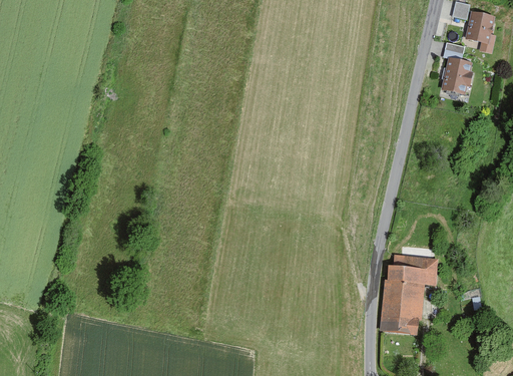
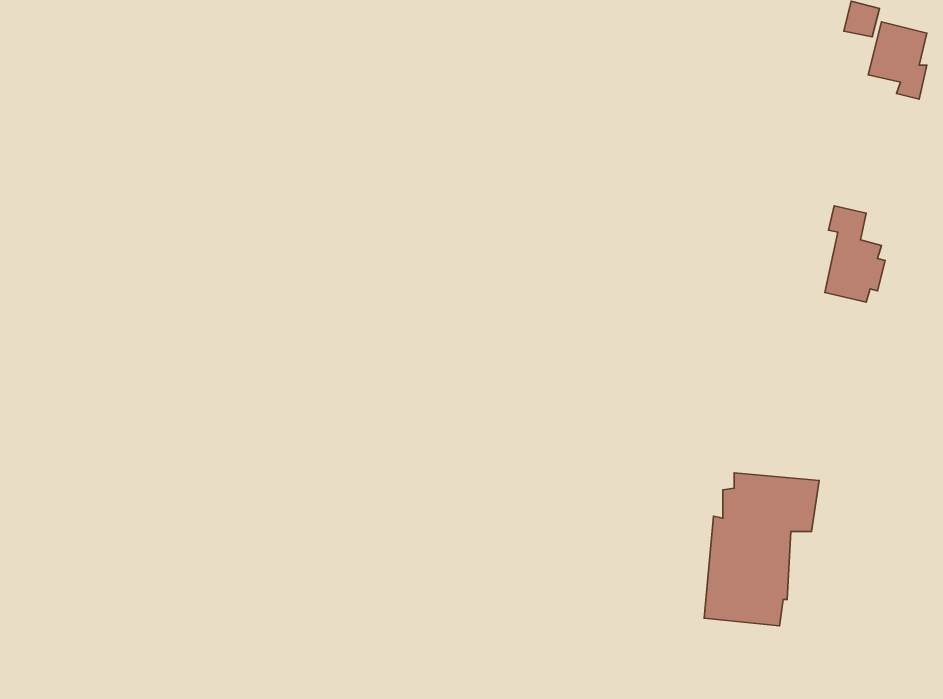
building: [442,44,474,95] -> [825,206,885,302]

